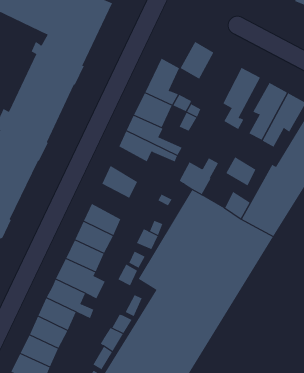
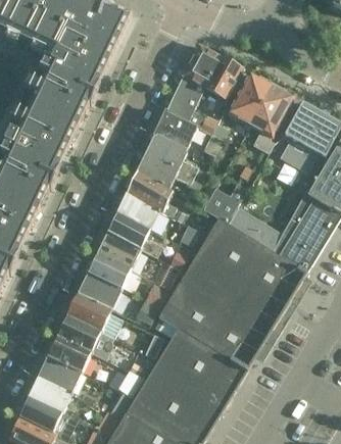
building: none -> [182,45,220,86]
building: none -> [227,73,271,125]
building: none -> [127,171,175,217]
building: [226,156,256,186] -> [228,206,261,239]
building: none -> [106,212,161,257]

